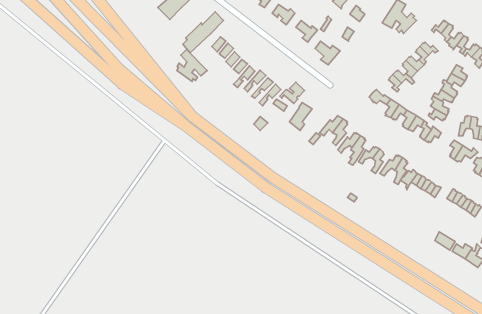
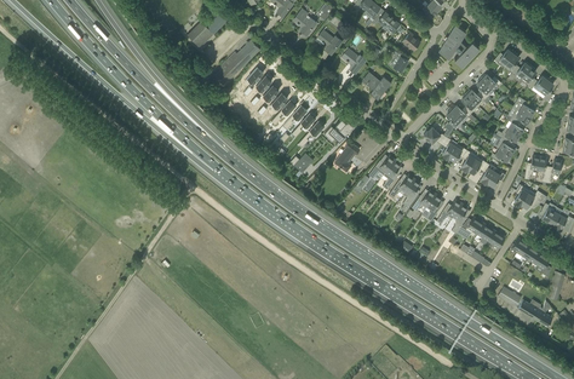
building: [177,50,207,82] -> none

